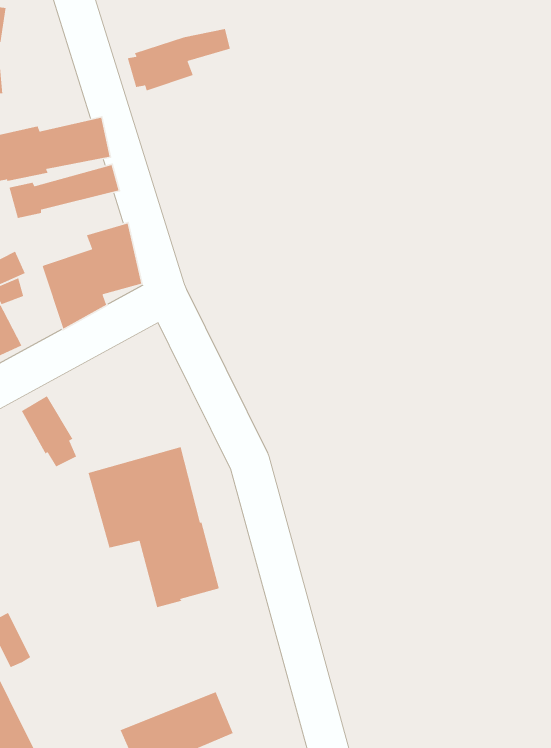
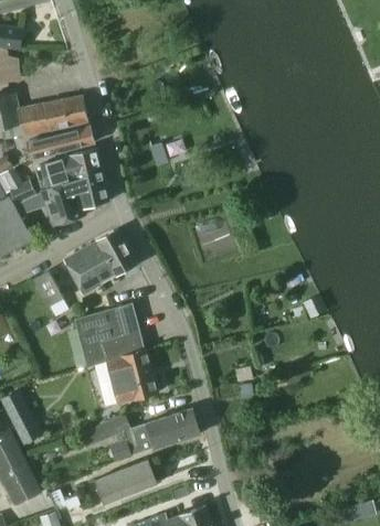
building: [127,28,231,91] -> [33,149,98,189]
building: none -> [64,229,135,293]
building: none -> [78,409,199,457]

